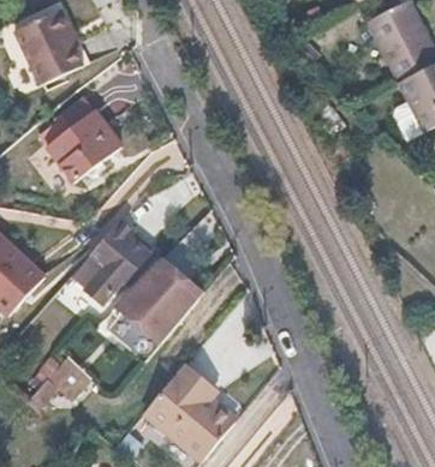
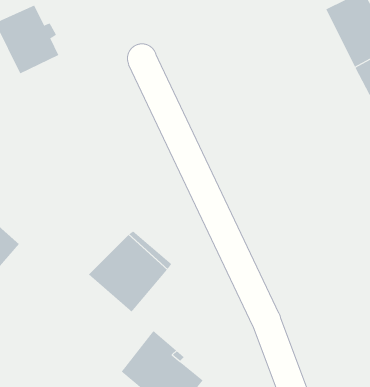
building: [44,98,120,182] -> none
building: [70,228,148,305] -> none
building: [26,355,91,412] -> none

